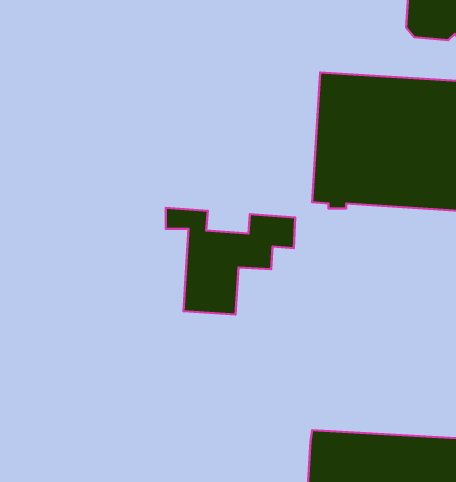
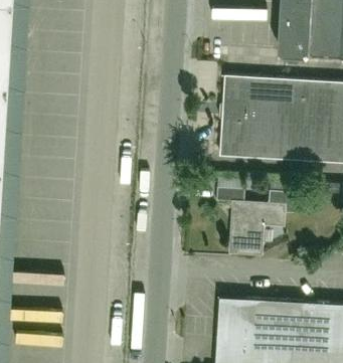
building: [166,208,295,314] -> [218,187,299,253]

